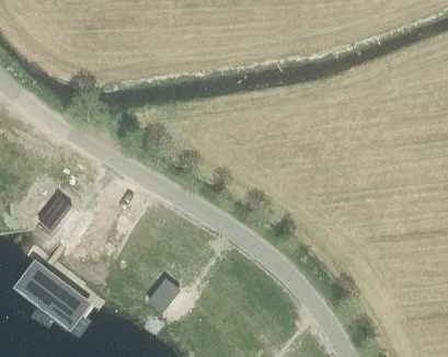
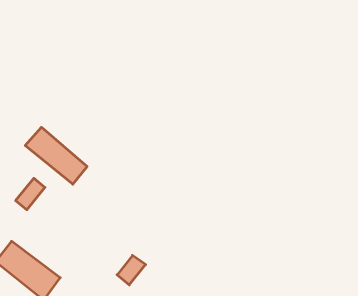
building: none -> [25,127,87,184]

